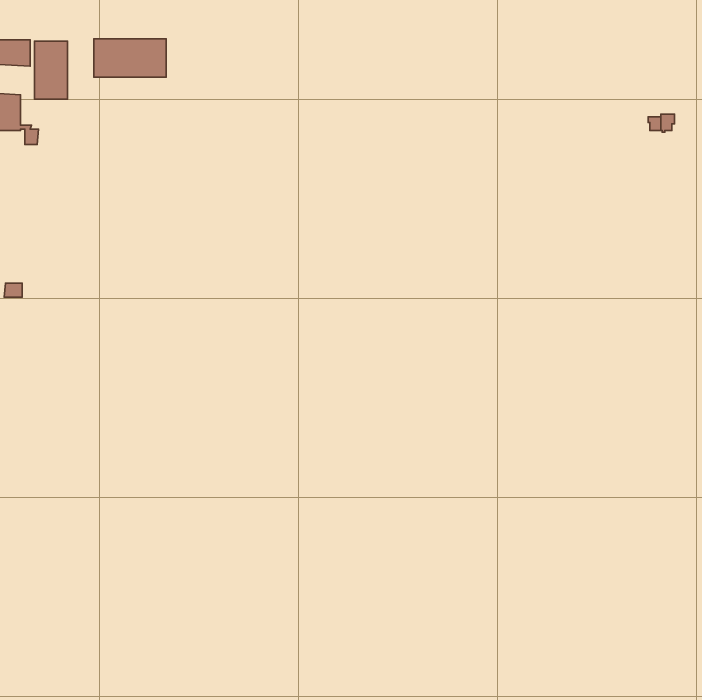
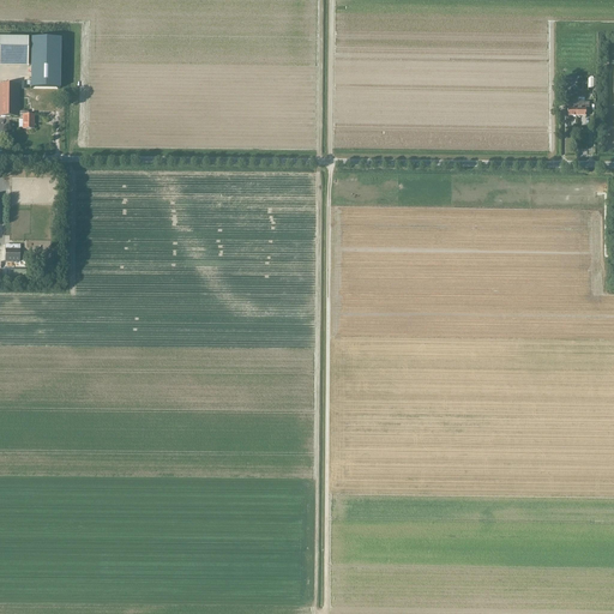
building: [94,39,166,77] -> none

